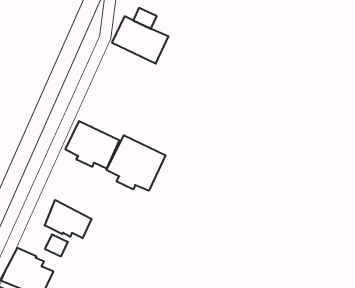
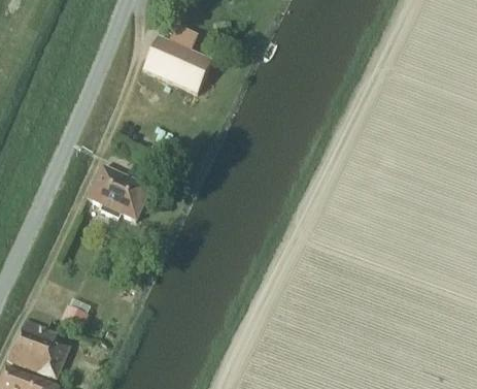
building: [106,135,166,191] -> none
building: [45,200,92,238] -> none

